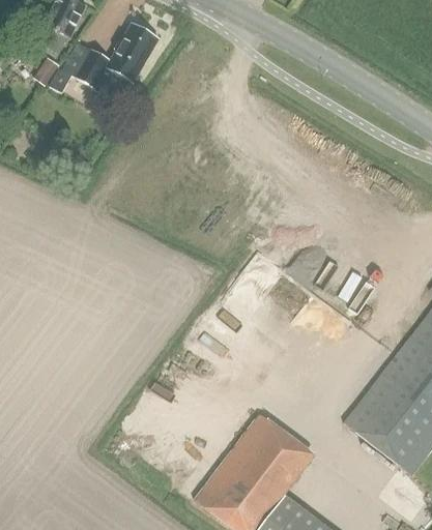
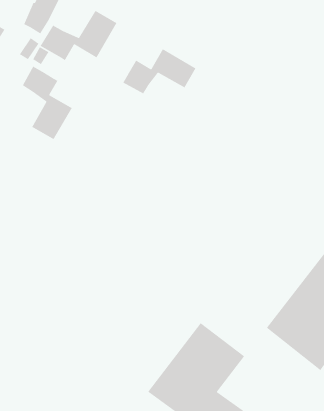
building: none -> [122,48,197,95]
building: none -> [22,65,73,140]

